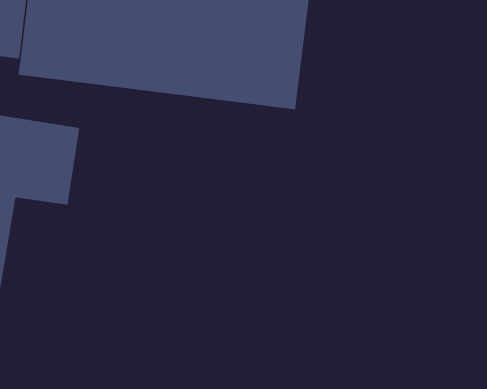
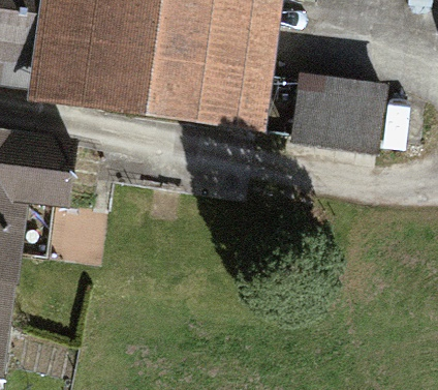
building: none -> [287,71,387,161]

